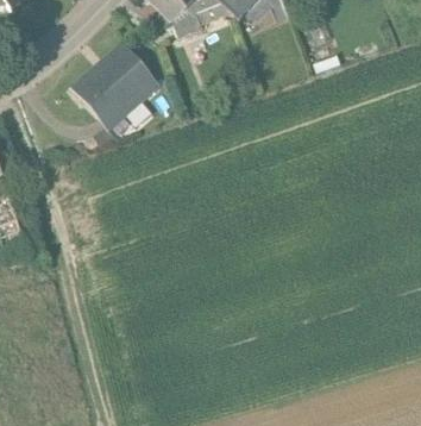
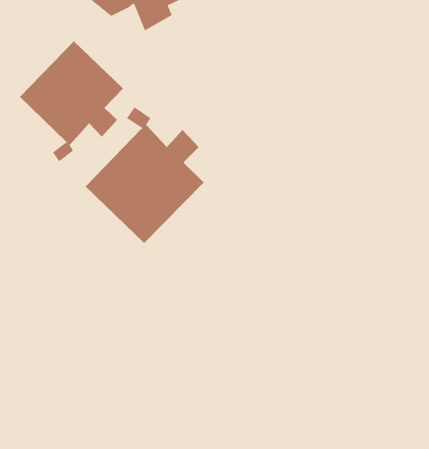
building: none -> [85,107,204,244]

